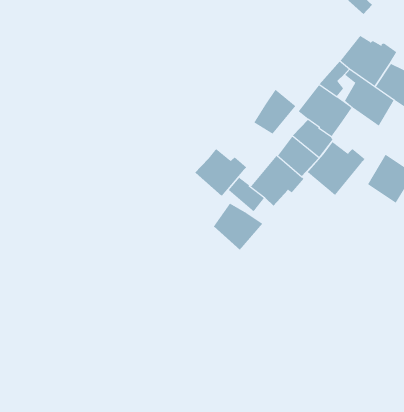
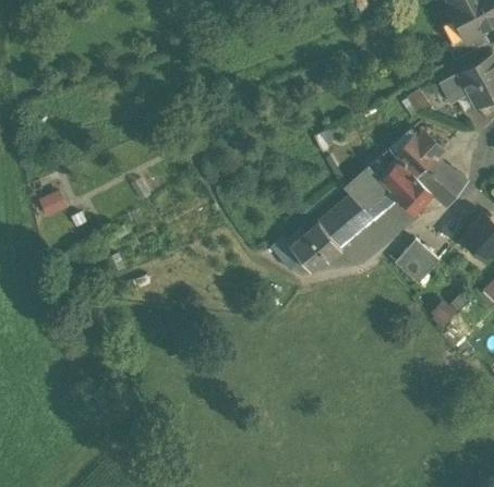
building: [254,89,296,134] -> none
building: [306,141,365,195] -> none
building: [194,148,247,196] -> none
building: [213,203,263,250] -> none

